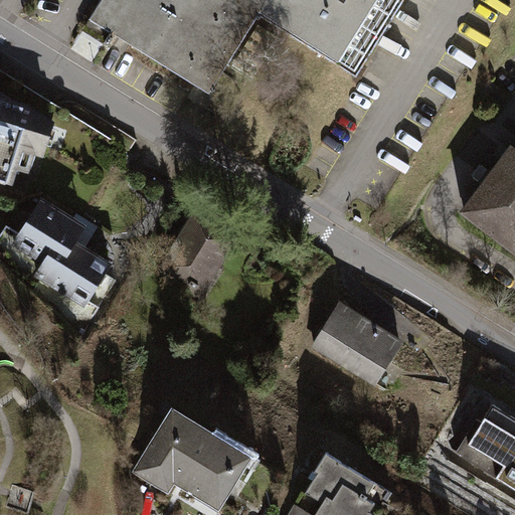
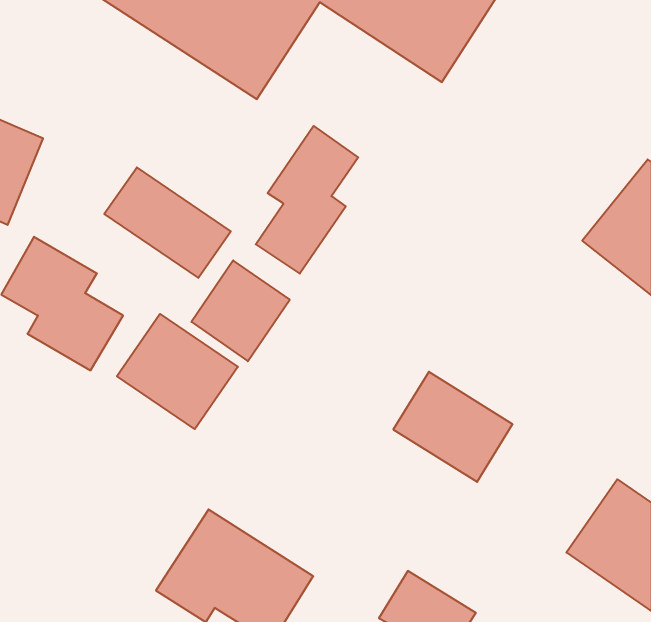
building: none -> [256,126,358,274]
building: none -> [104,167,231,278]
building: none -> [117,314,238,429]

